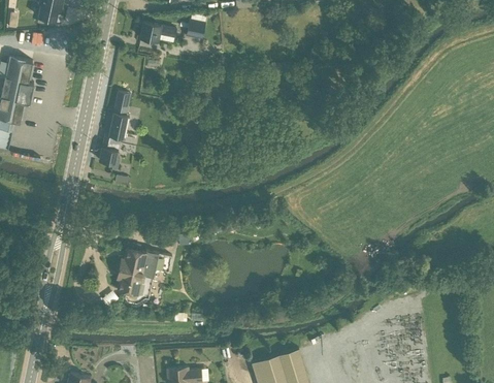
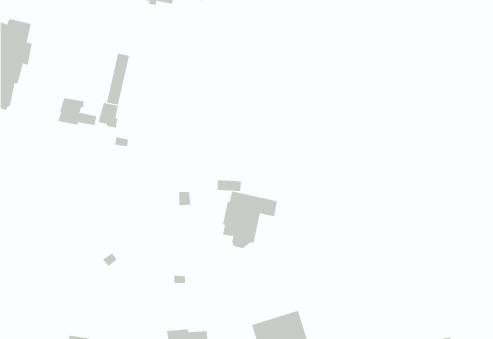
building: none -> [58,98,97,126]
building: [116,248,171,306] -> [222,191,278,249]

